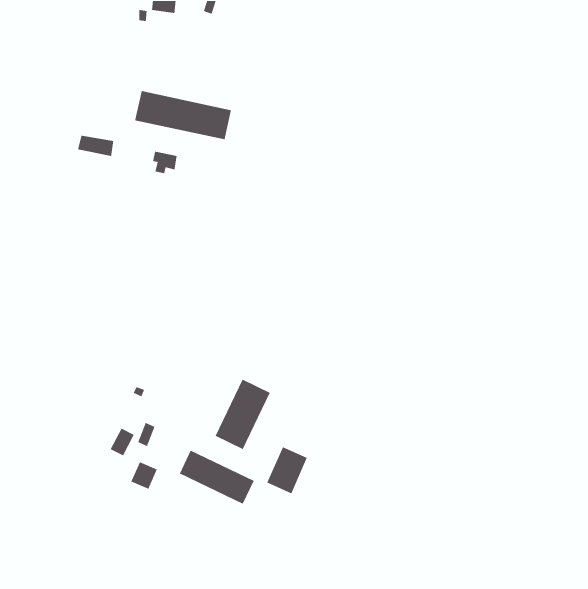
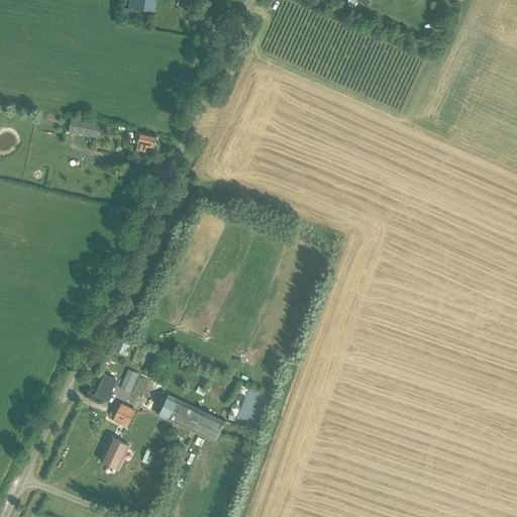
building: [134,90,232,140] -> none
building: [214,379,271,450] -> none
building: none -> [99,437,128,470]

